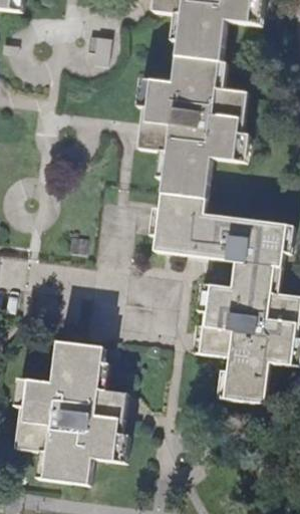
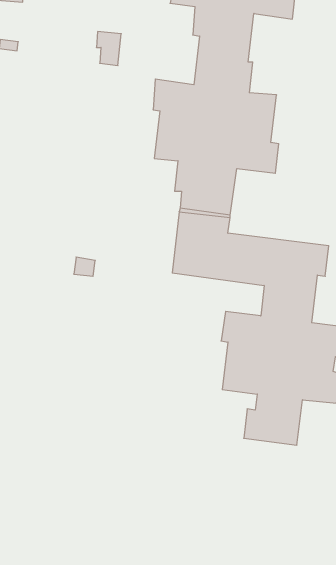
building: [13,340,127,483] -> none

